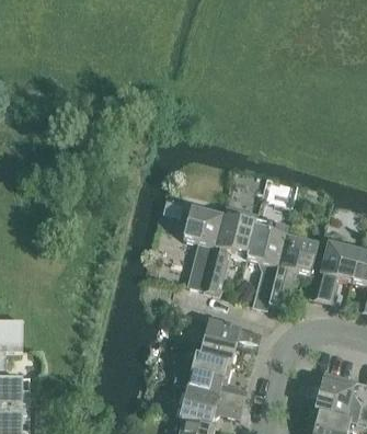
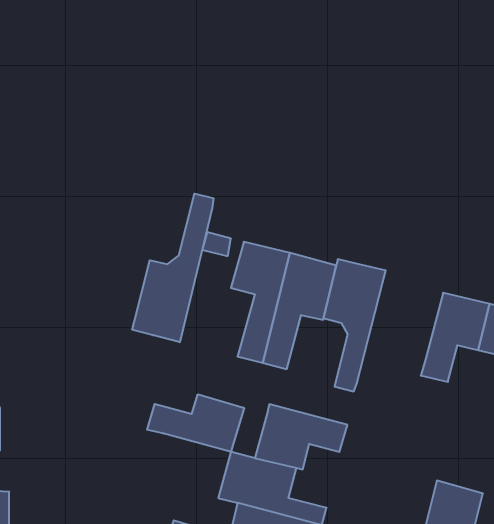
building: none -> [132,194,214,342]
building: [268,235,318,308] -> none
building: none -> [147,394,244,452]

